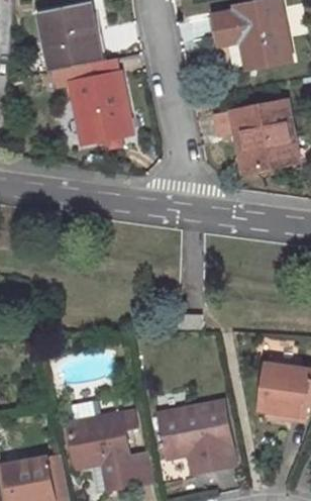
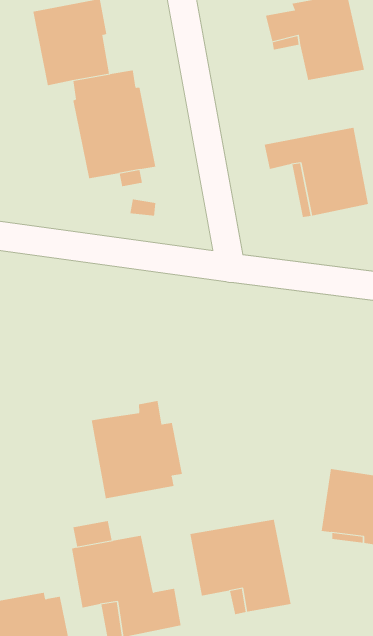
building: none -> [91,400,182,499]

